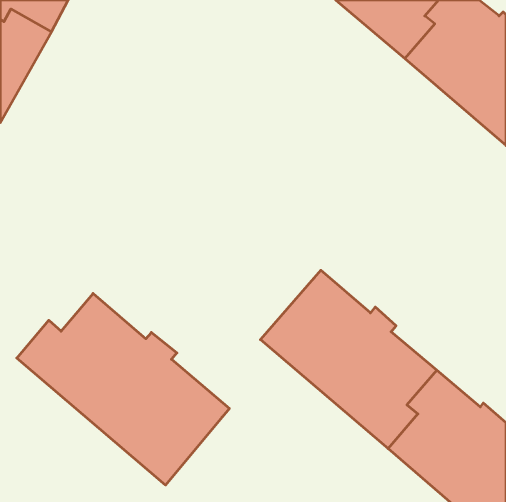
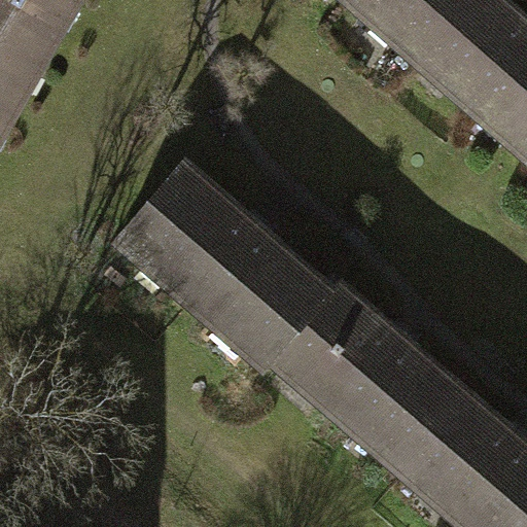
building: none -> [117,168,326,364]
building: [17,293,229,485] -> none

